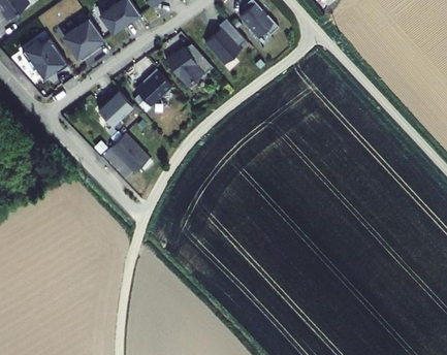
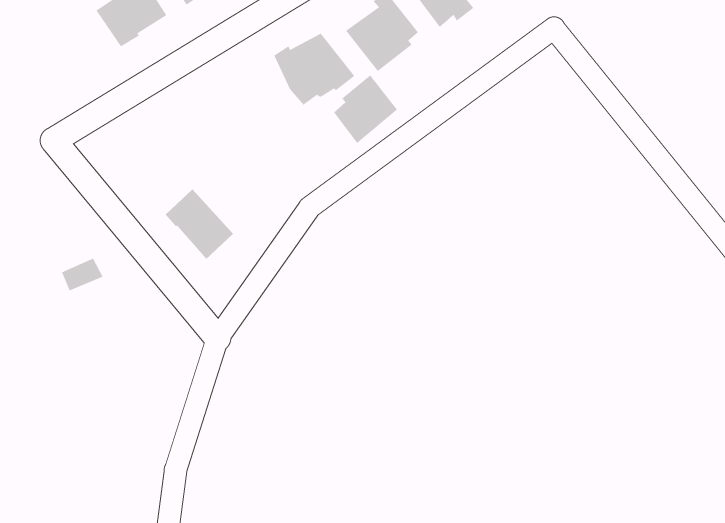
building: [21,40,67,79] -> none
building: [138,66,174,105] -> [333,74,398,144]
building: [98,88,135,123] -> none

